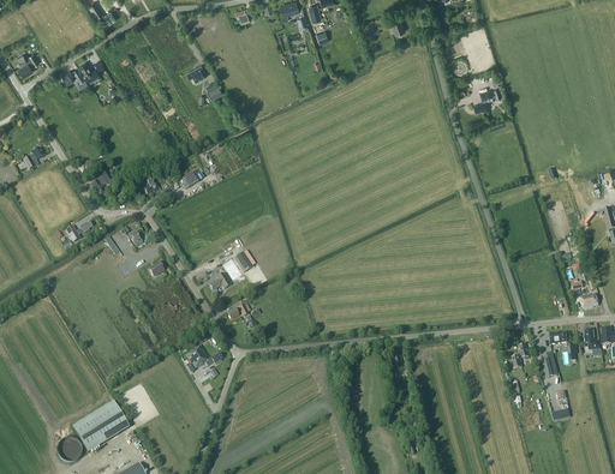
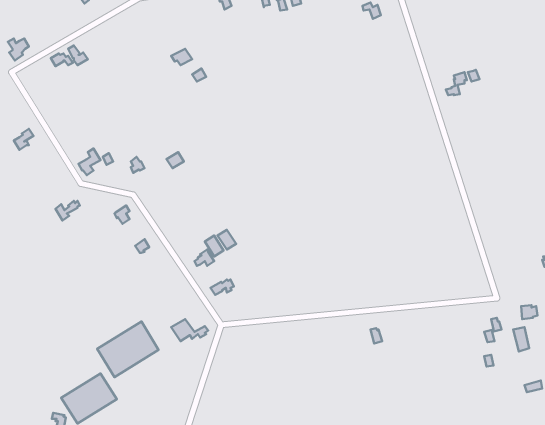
building: none -> [97,321,159,377]

